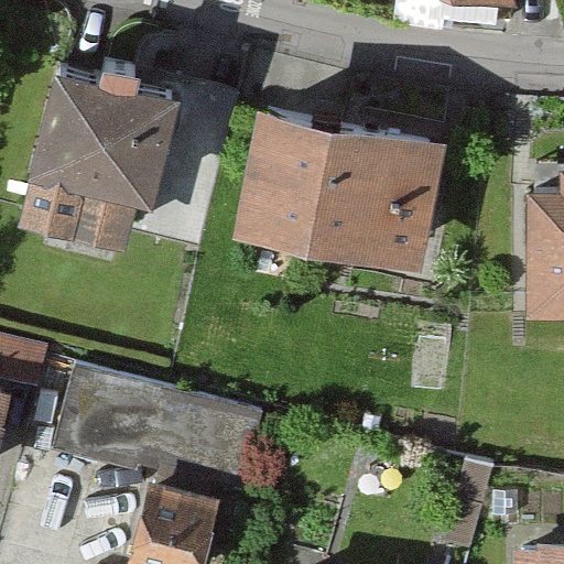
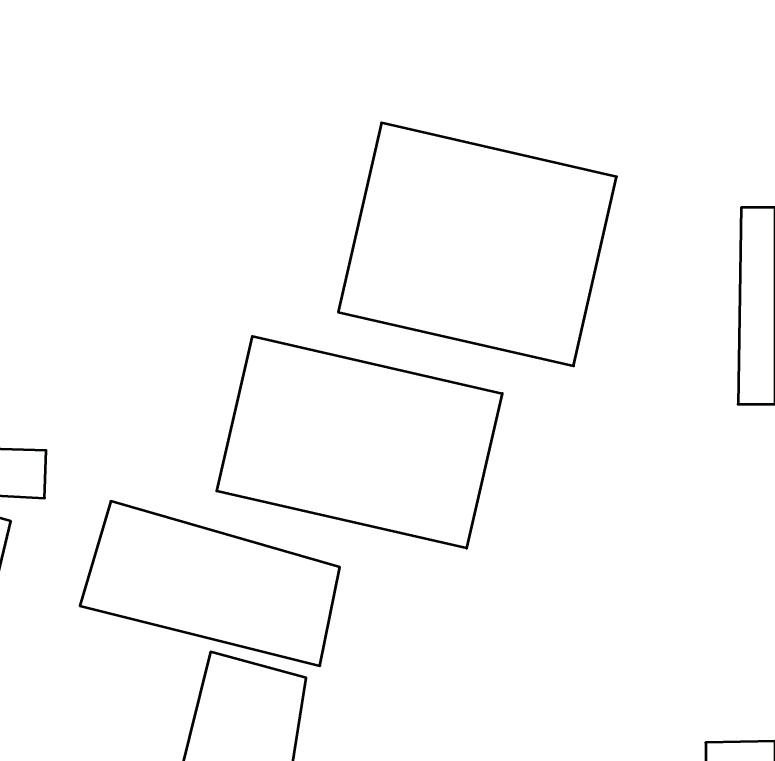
building: [26,63,182,248] -> none
building: none -> [217,336,502,548]

